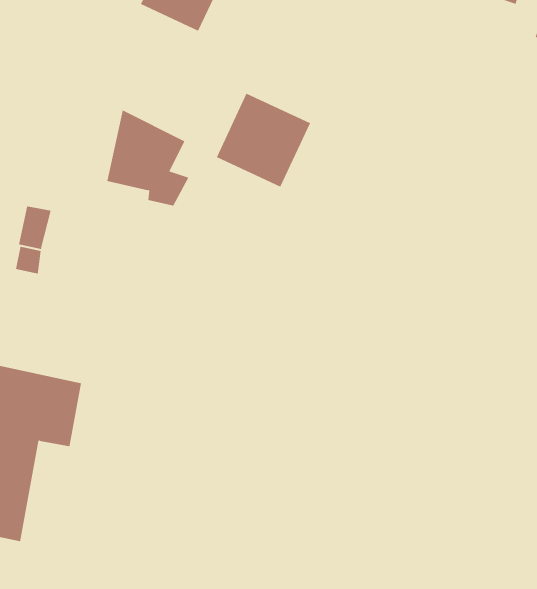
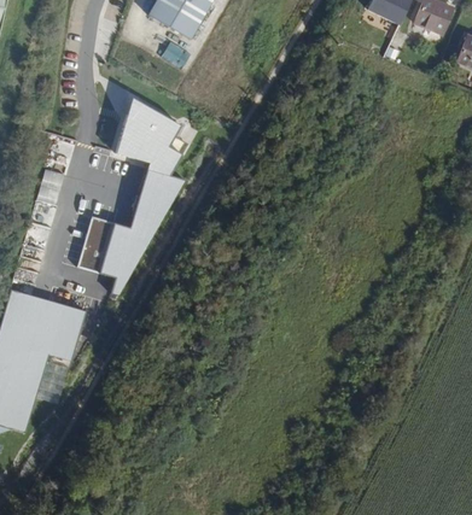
building: [216,93,311,187] -> none
building: none -> [76,169,181,294]

